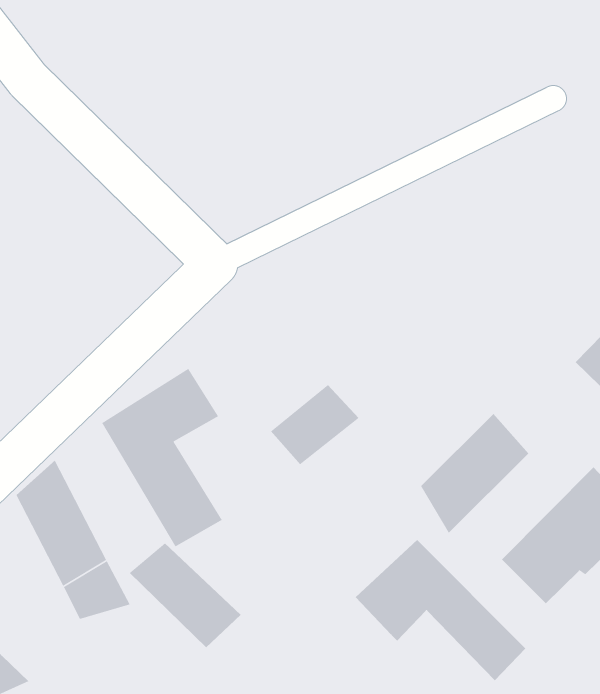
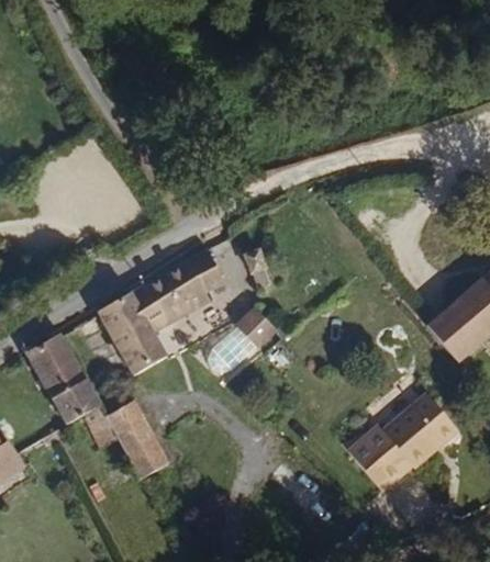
building: none -> [165,255,252,314]
building: [420,413,529,534] -> none
building: [355,539,526,681] -> none

